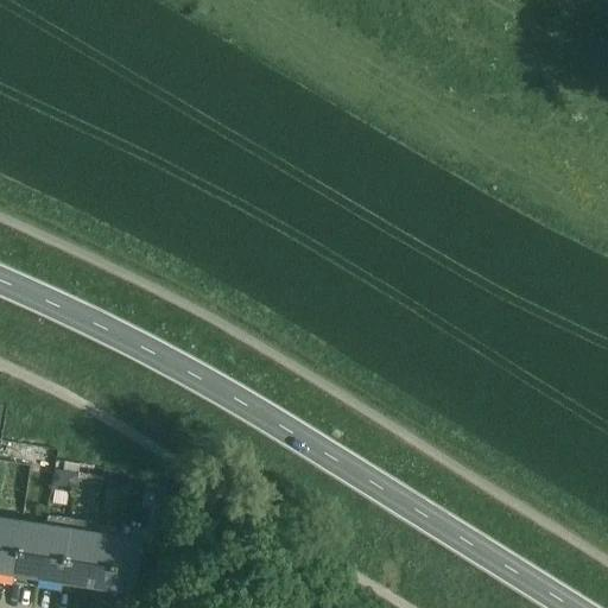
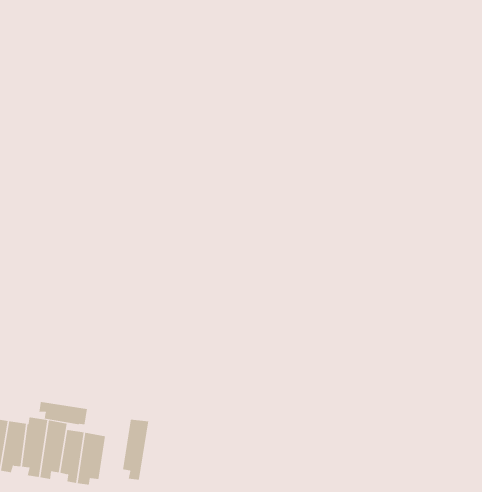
building: none -> [39,401,88,425]
building: none -> [123,419,149,481]

